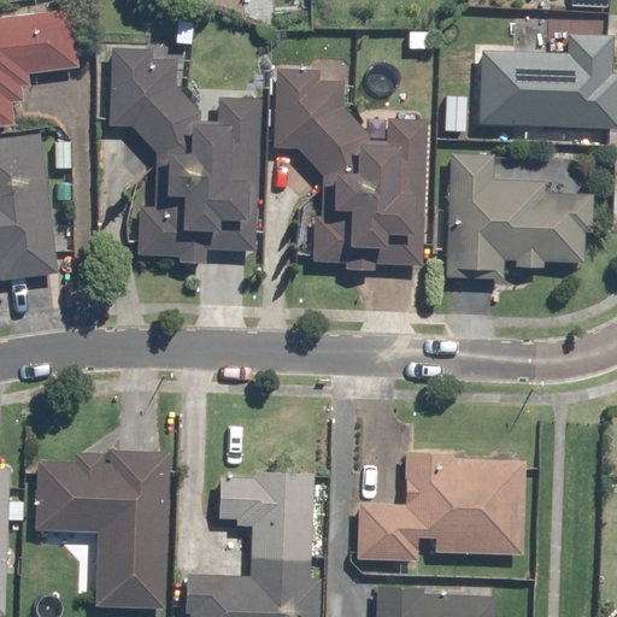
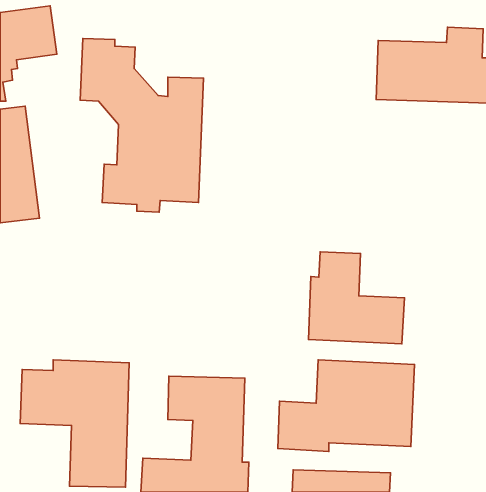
building: [275,67,427,271] -> none
building: [446,152,594,280] -> none
building: none -> [308,252,404,344]

